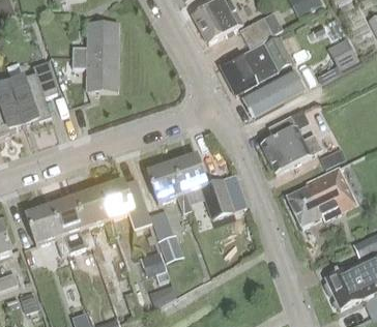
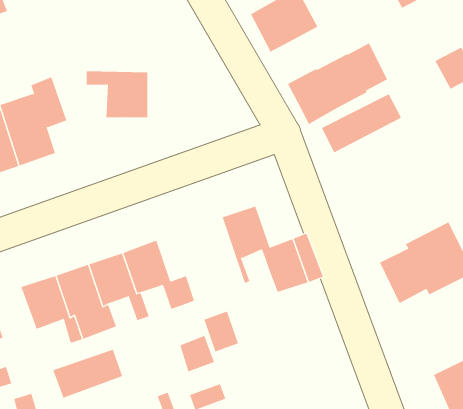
building: [240,16,274,47] -> none
building: [72,23,119,57] -> none
building: [261,115,322,173] -> none
building: [147,162,188,212] -> none
building: none -> [53,349,123,399]

